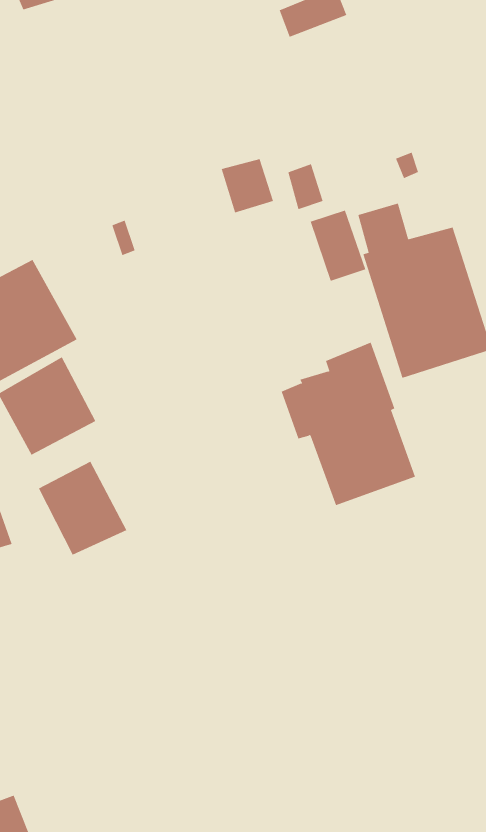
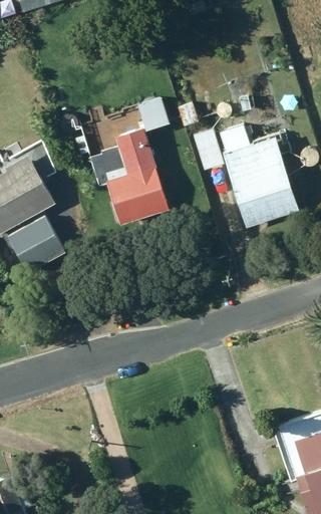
building: [281,342,416,506] -> [89,128,169,225]
building: [38,461,127,556] -> none

